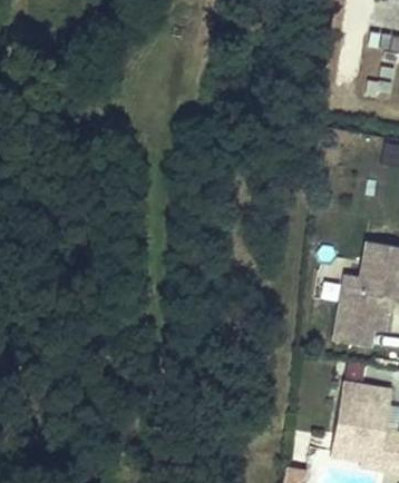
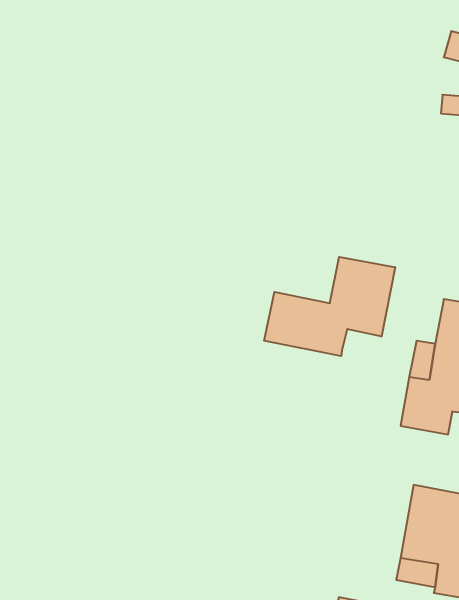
building: none -> [264,257,395,356]

